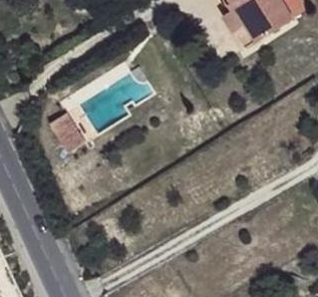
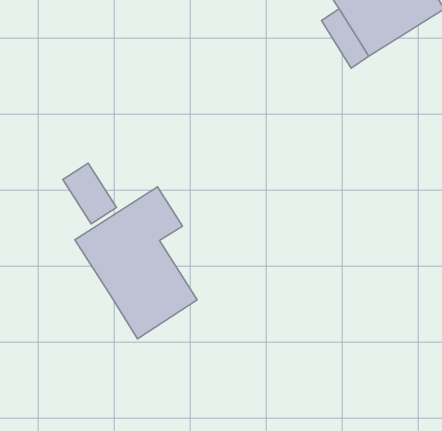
building: none -> [75,187,197,339]

